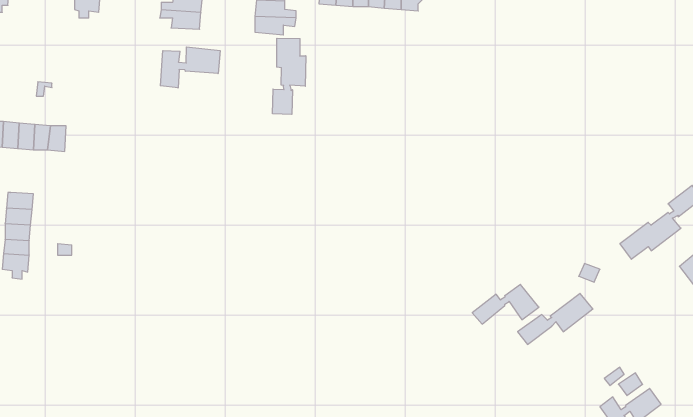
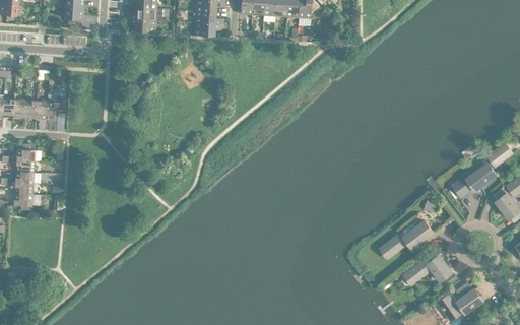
building: [273,38,306,114] -> none
building: [160,47,220,88] -> none
building: [472,284,539,324] -> [404,256,452,284]

